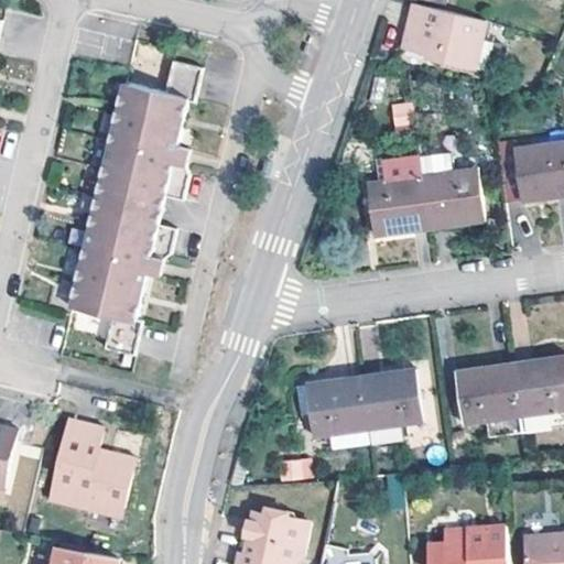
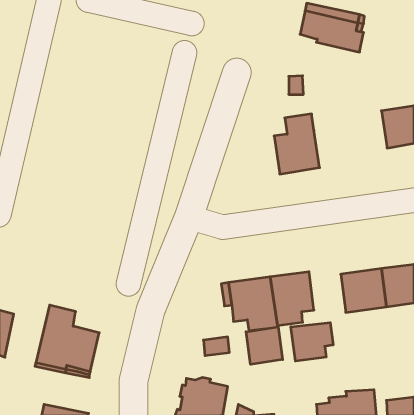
building: [65,58,193,351] -> none
building: [425,169,488,228] -> none
building: none -> [291,323,333,361]
building: none -> [246,327,283,364]

